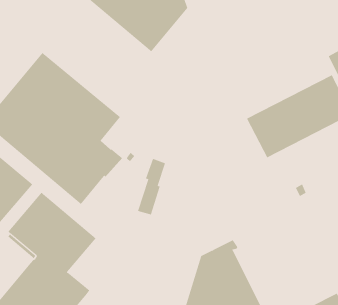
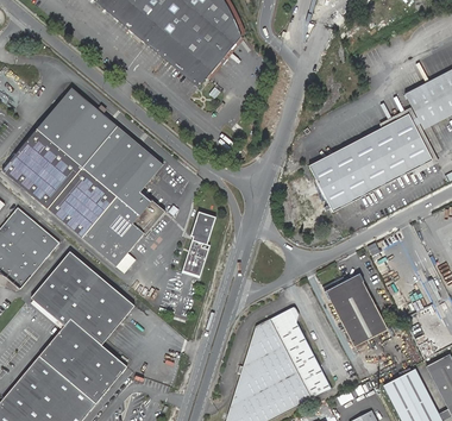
building: none -> [322,275,388,347]

